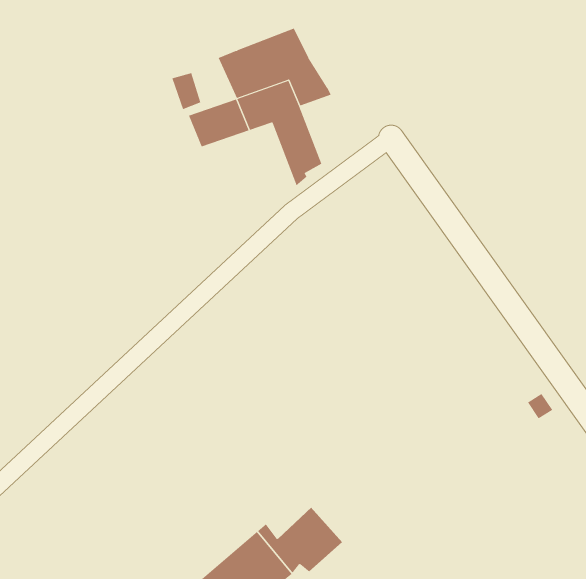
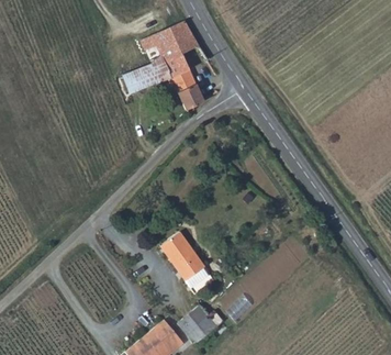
building: none -> [163,229,217,291]

